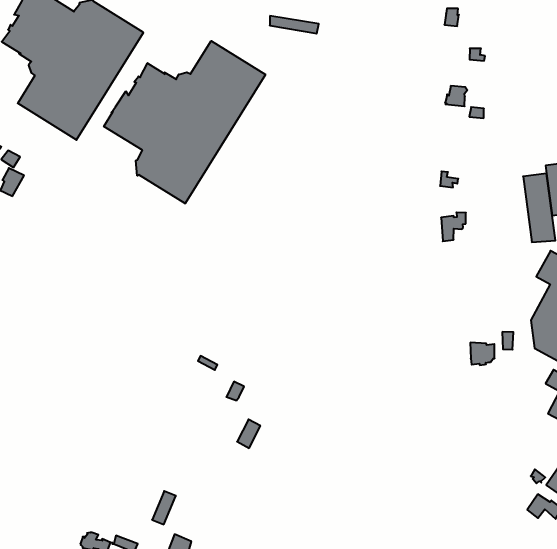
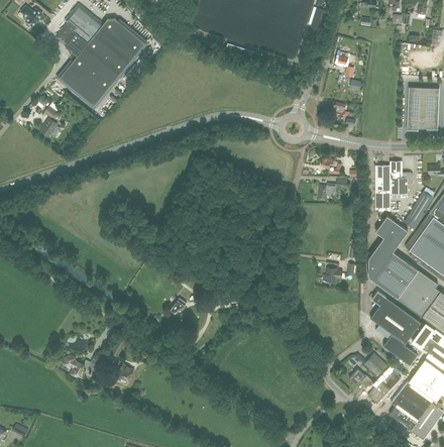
building: [104,41,265,204] -> none

